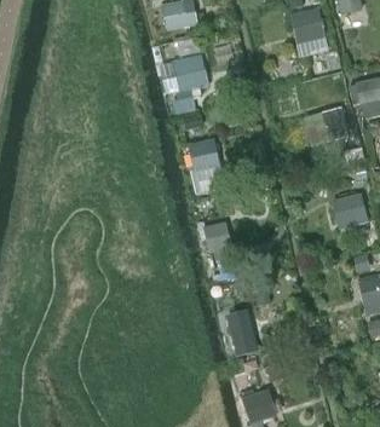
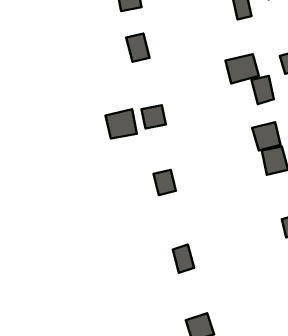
building: none -> [225,54,259,83]
building: none -> [105,109,137,138]
building: none -> [252,122,280,151]

